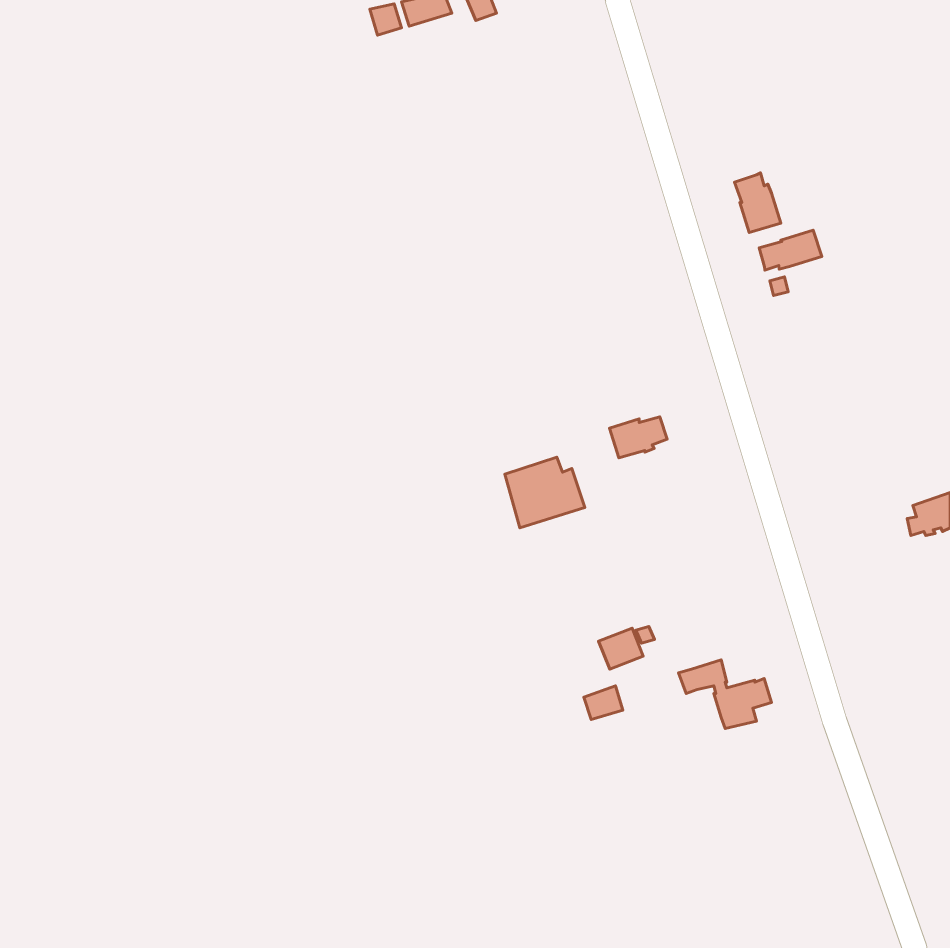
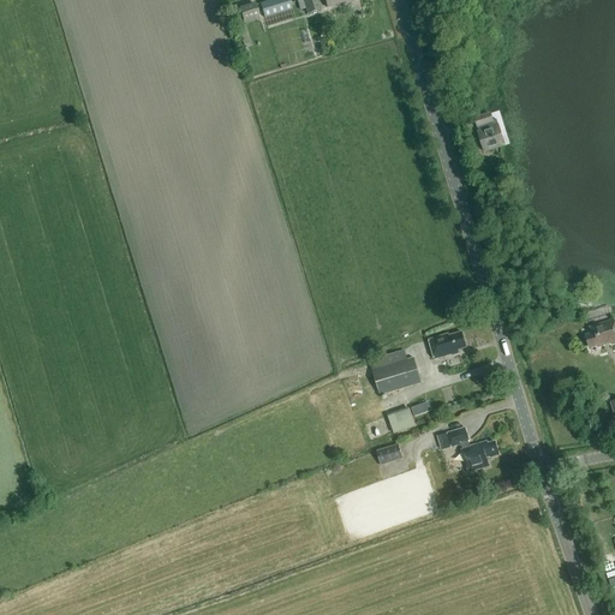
building: [759,230,822,270] -> none
building: [610,417,667,458] -> [429,332,466,358]
building: [505,457,585,528] -> [370,350,422,395]

